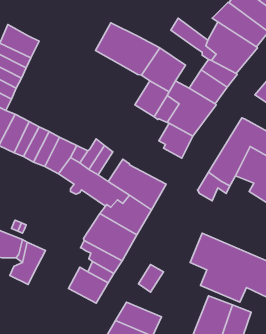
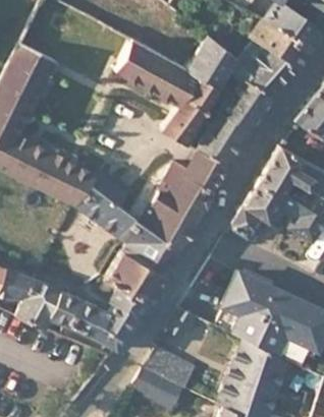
building: none -> [188,49,229,87]
building: none -> [155,164,213,219]
building: none -> [49,292,100,334]

